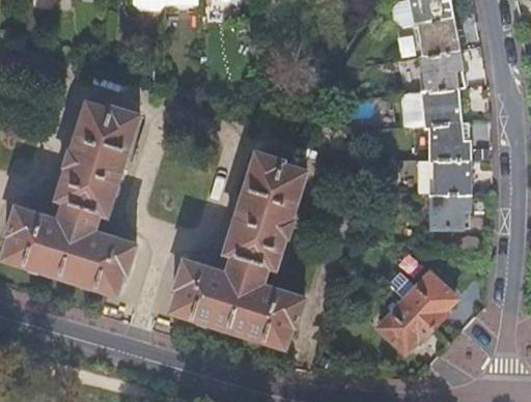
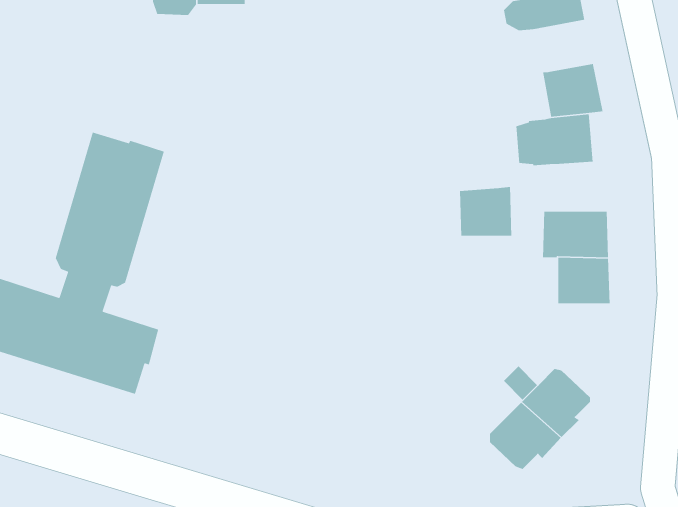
building: [418,17,457,55] -> none
building: [428,121,468,159] -> [459,186,512,236]
building: [171,151,305,348] -> none

